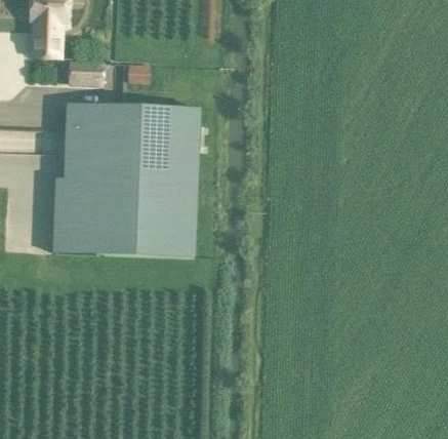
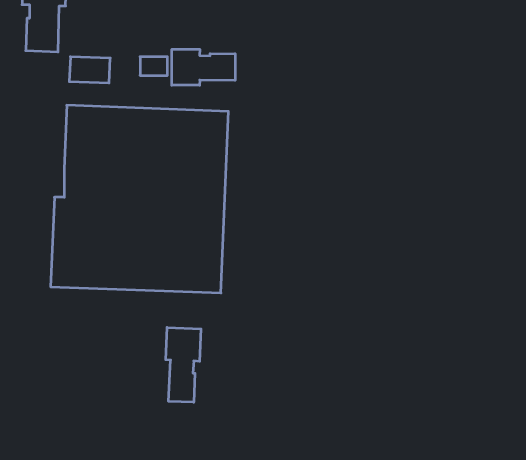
building: none -> [172,49,235,85]
building: none -> [166,327,201,402]

